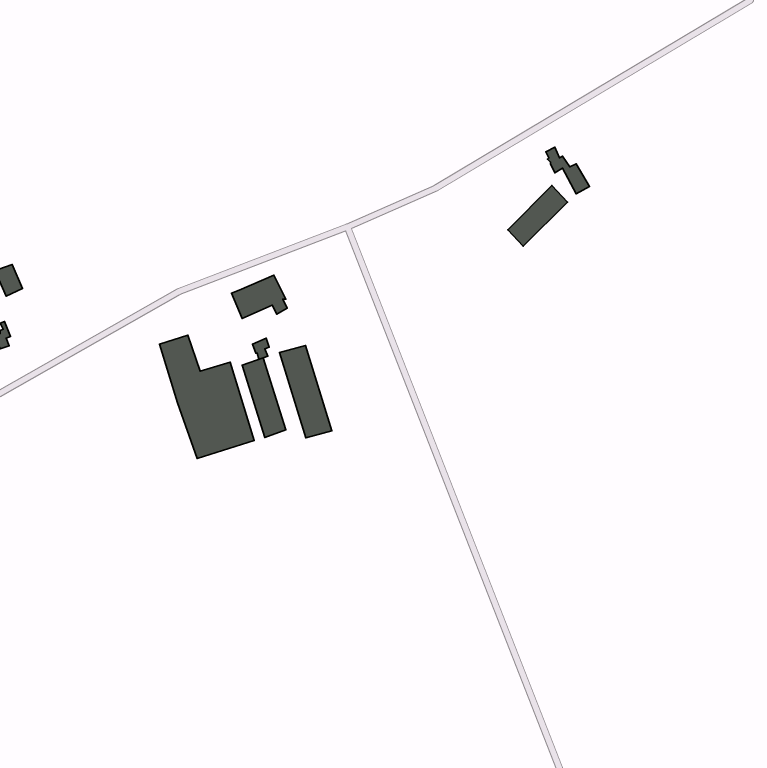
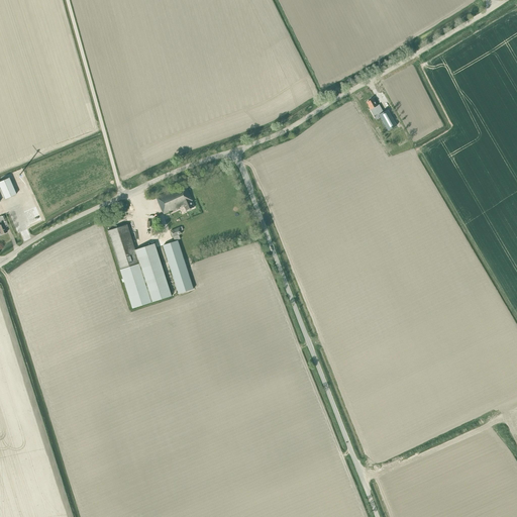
building: [508,185,567,246] -> none
building: [280,346,332,438] -> none

